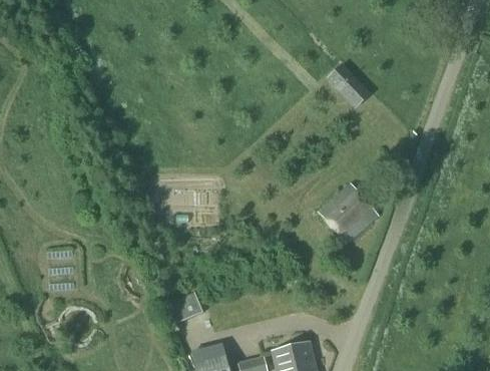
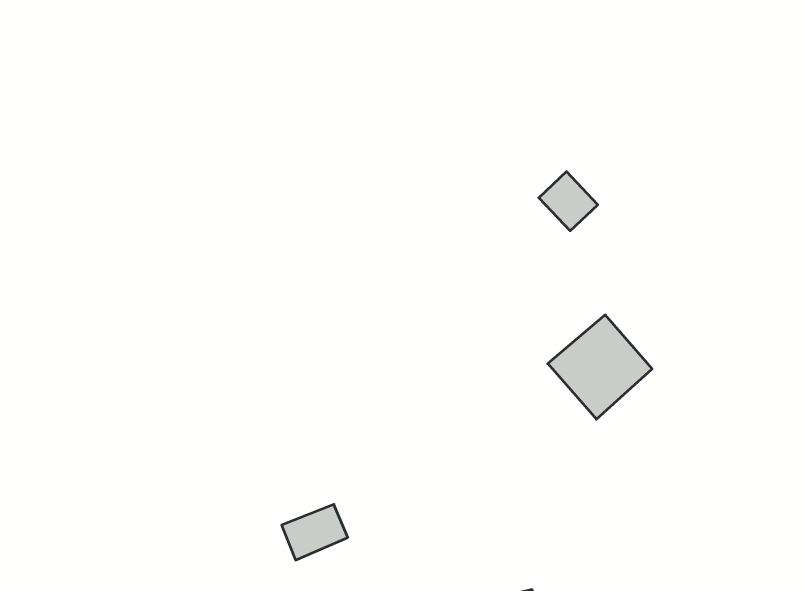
building: [337,74,371,108] -> [539,172,598,231]

